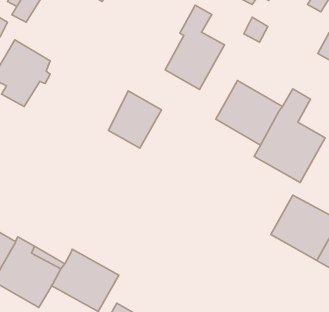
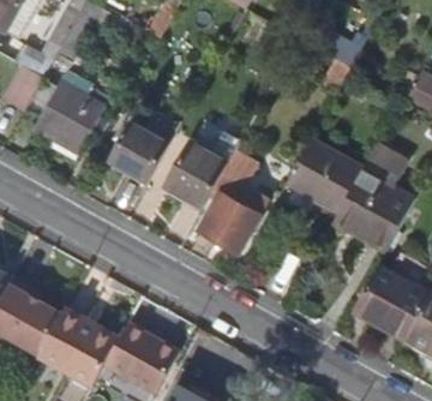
building: [165,5,224,90] -> [200,152,269,250]
building: none -> [109,110,181,180]

